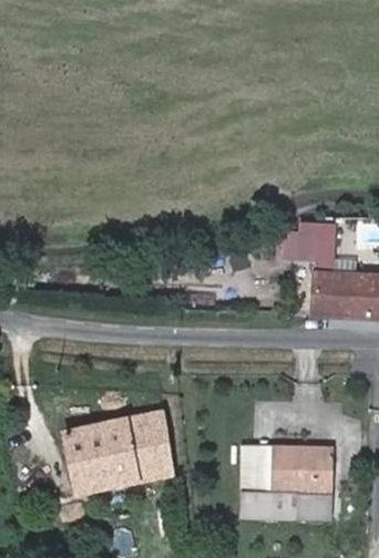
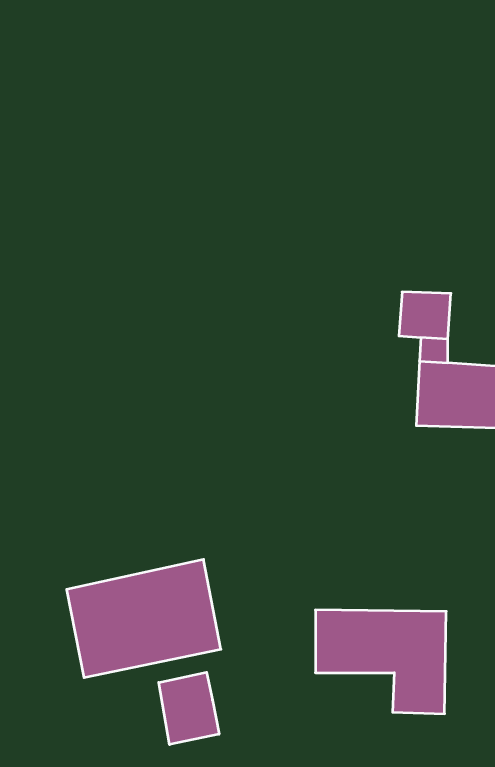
building: none -> [159,672,219,745]
building: [240,490,296,518] -> none

